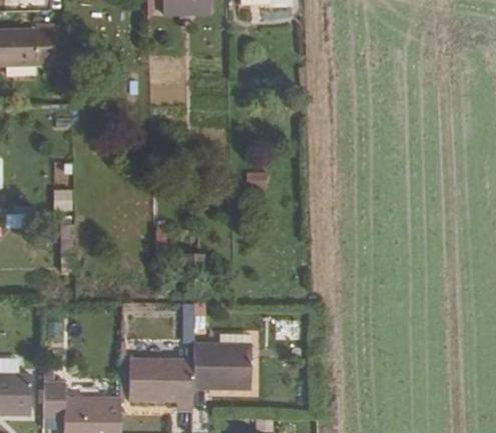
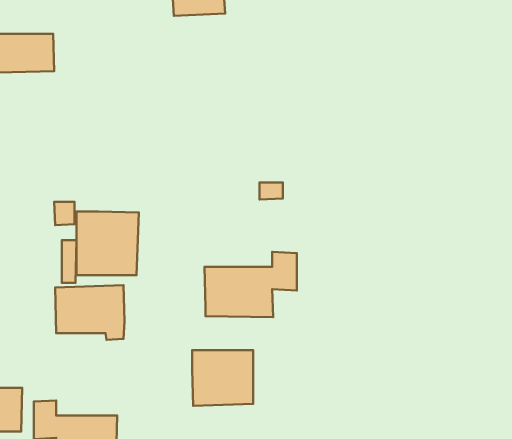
building: none -> [77,211,139,275]
building: none -> [204,252,297,317]
building: [125,355,190,406] -> [55,285,125,340]

